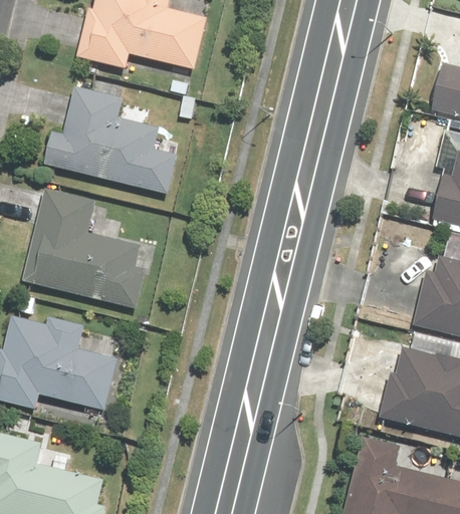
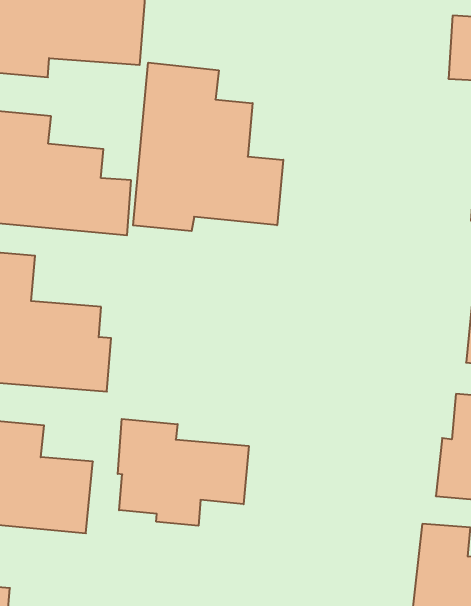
building: none -> [133,63,283,231]
building: none -> [118,419,249,526]

